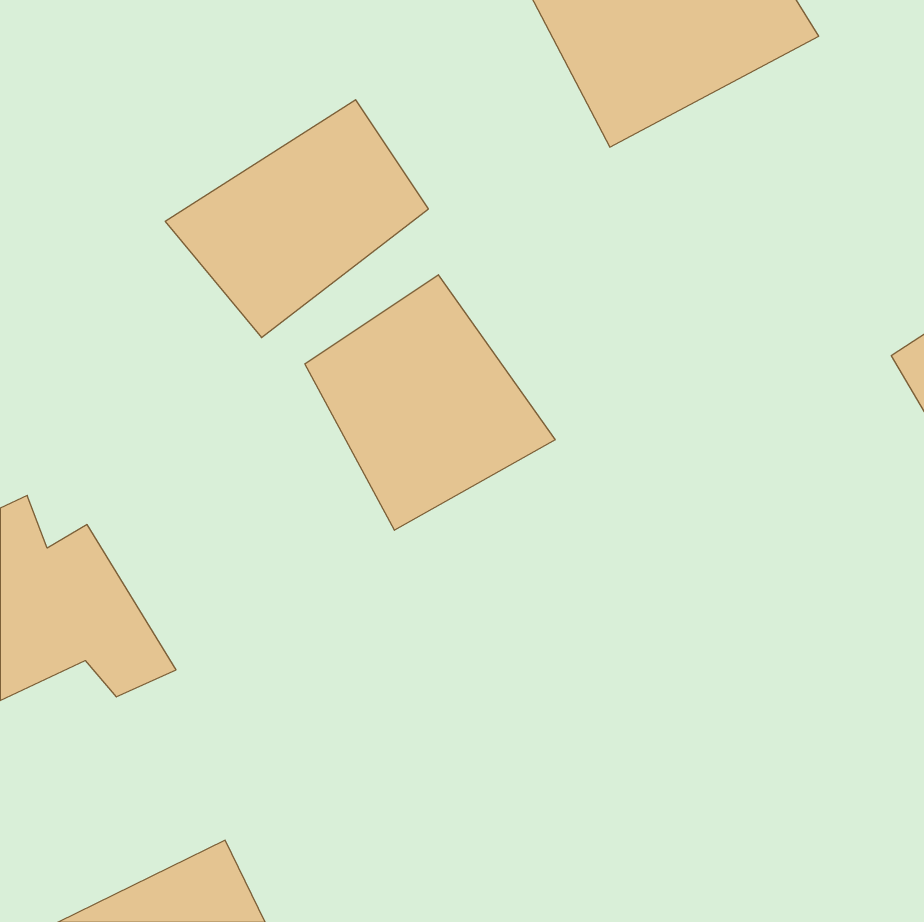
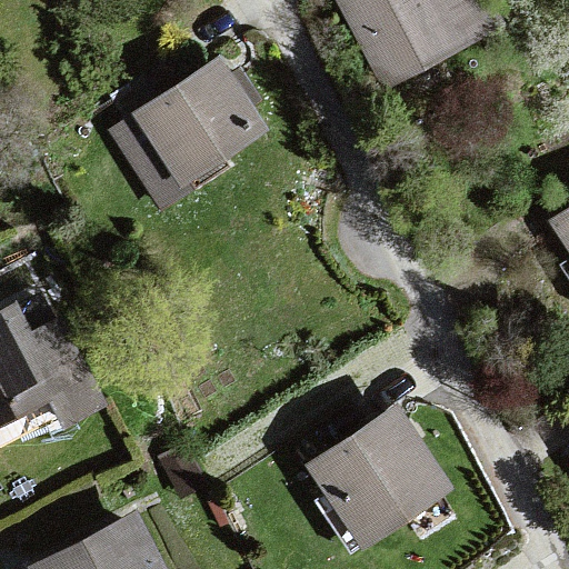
building: [305,275,555,530] -> none
building: none -> [303,399,456,549]

